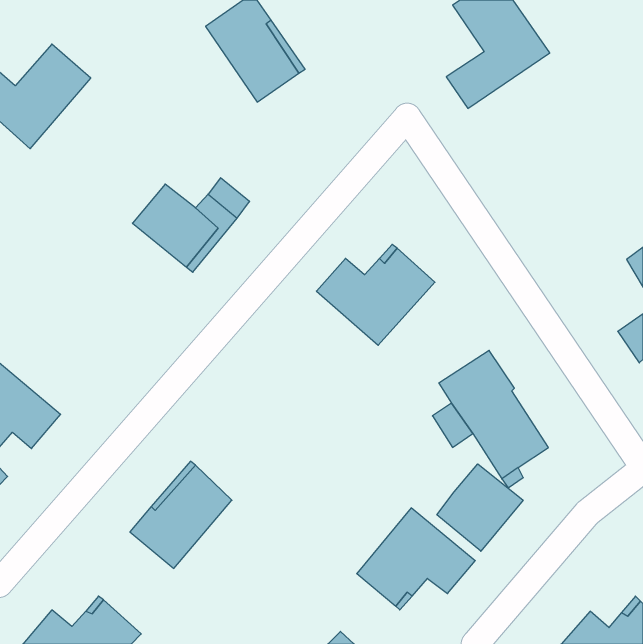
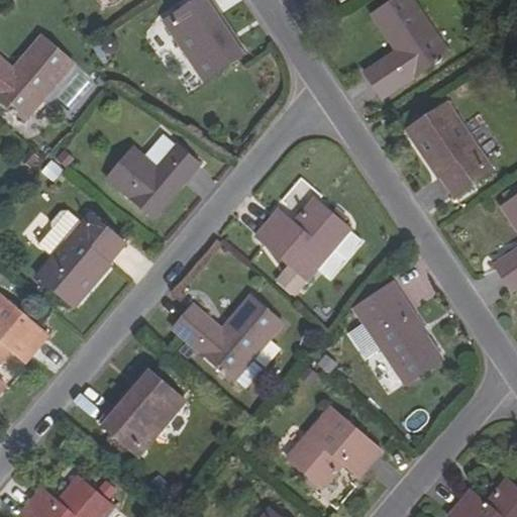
building: none -> [408,103,493,197]
building: none -> [37,213,125,305]
building: none -> [177,299,286,383]
building: [437,464,523,551] -> none

